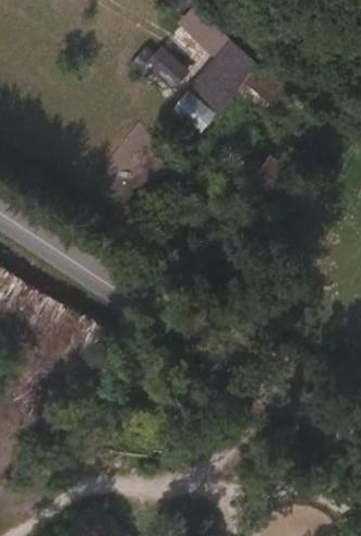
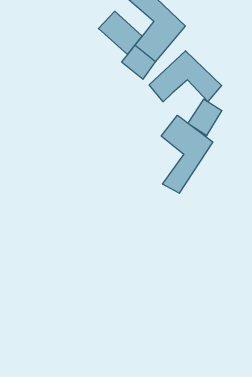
building: none -> [149,51,222,102]
building: none -> [161,115,213,193]

